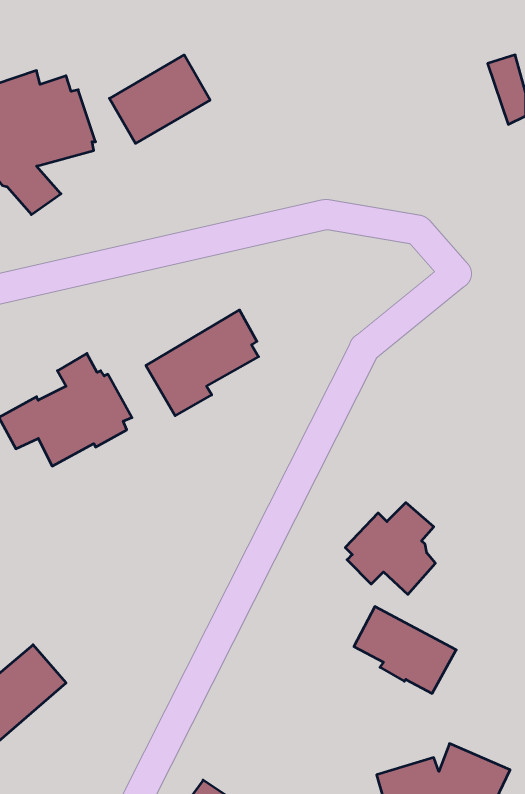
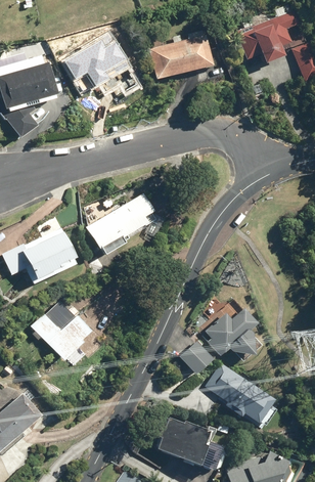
building: none -> [235,14,294,62]
building: none -> [149,35,213,79]
building: none -> [31,306,93,360]
building: none -> [178,340,212,374]
building: none -> [155,414,223,467]

